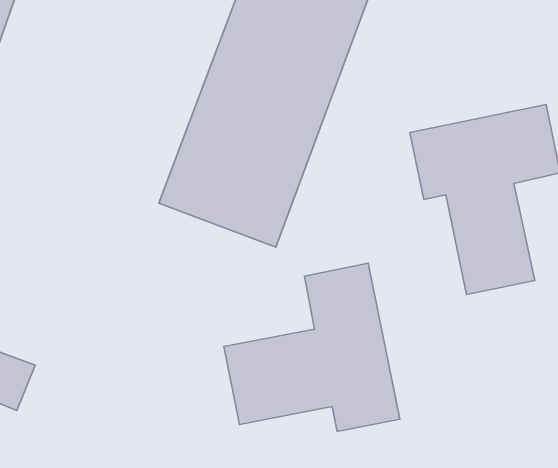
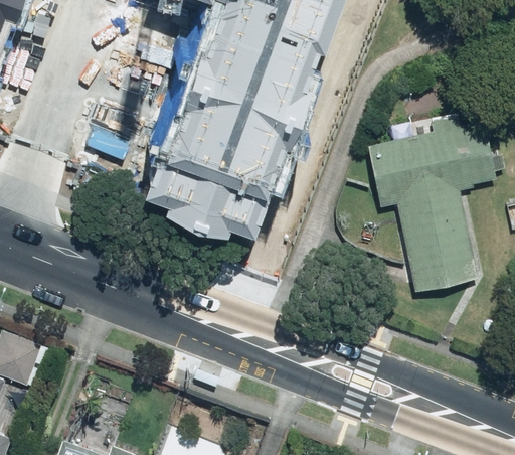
building: [224,263,400,432] -> none

